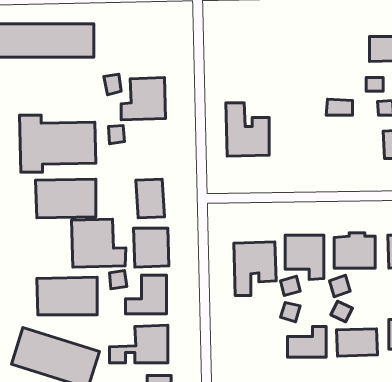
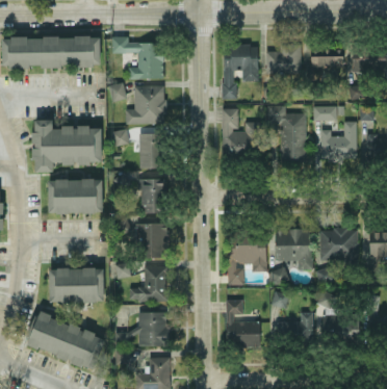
building: none -> [111,36,162,78]
building: none -> [222,45,258,98]
building: none -> [265,45,301,74]
building: none -> [310,49,342,76]
building: none -> [267,105,306,162]
building: none -> [319,121,356,160]
building: none -> [138,133,161,167]
building: [71,219,126,267] -> none
building: none -> [225,300,259,345]

